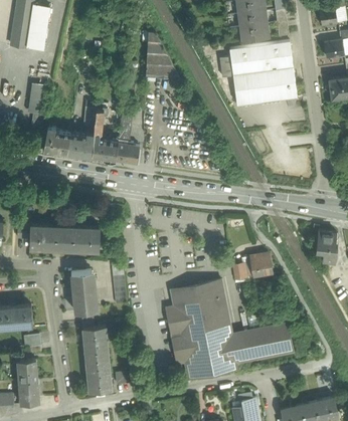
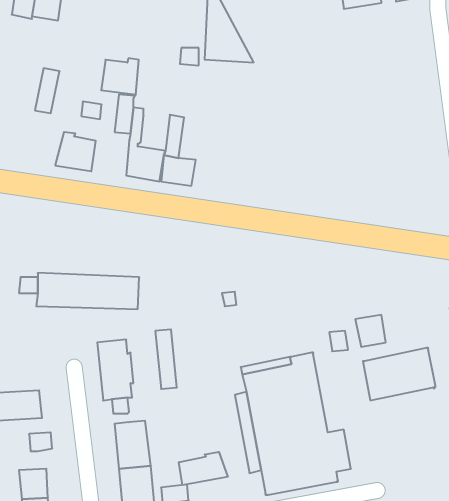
building: [220,42,297,106] -> none
building: [67,133,94,158] -> [101,58,139,95]
building: [242,325,293,361] -> [363,348,435,400]
building: none -> [179,452,228,485]

